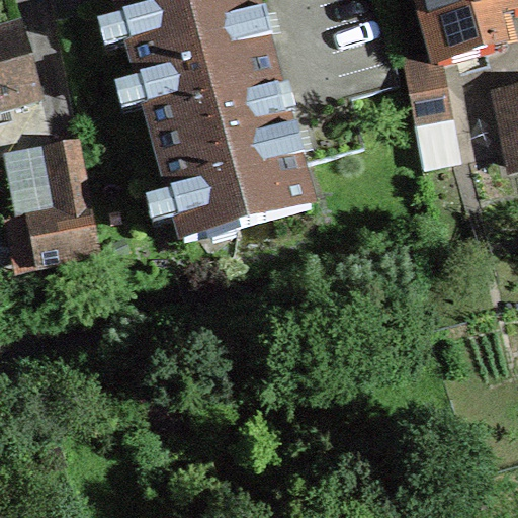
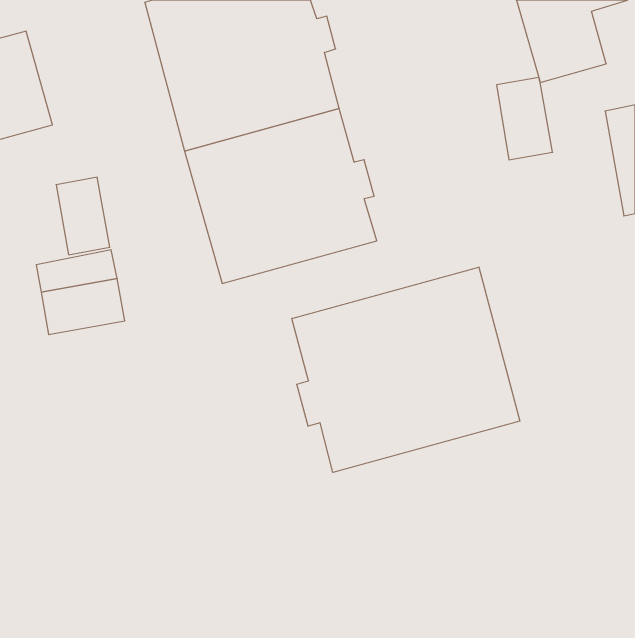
building: none -> [292,267,520,472]

